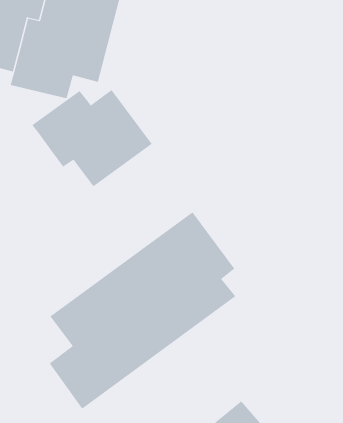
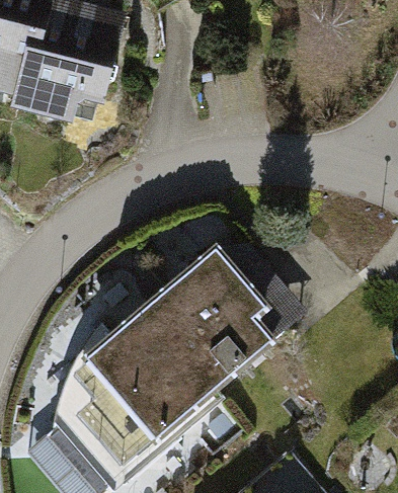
building: [31,89,152,187] -> none

